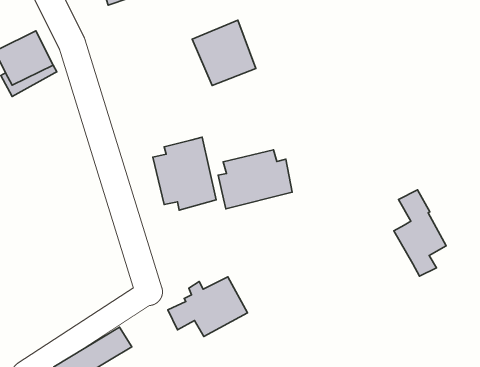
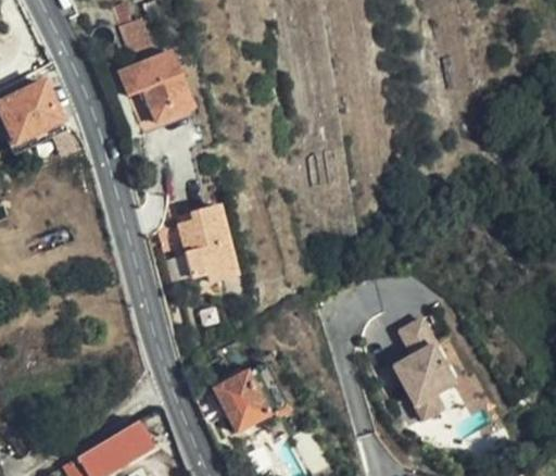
building: [192,20,256,86] -> [118,50,191,125]
building: [218,150,292,209] -> none
building: [394,190,446,276] -> [392,317,452,416]

